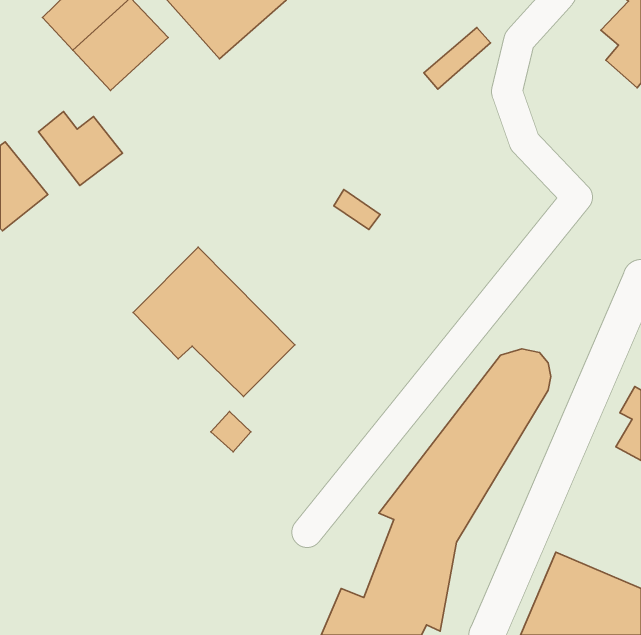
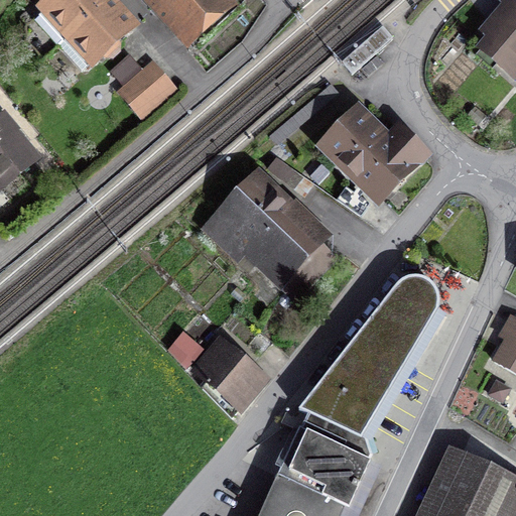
building: [38,112,122,186] -> [106,52,173,112]
building: none -> [321,103,427,214]
building: [133,247,295,396] -> [208,172,338,292]
building: none -> [190,343,266,416]

